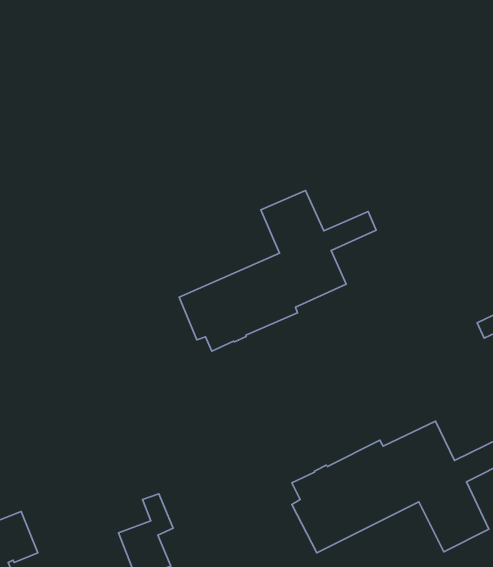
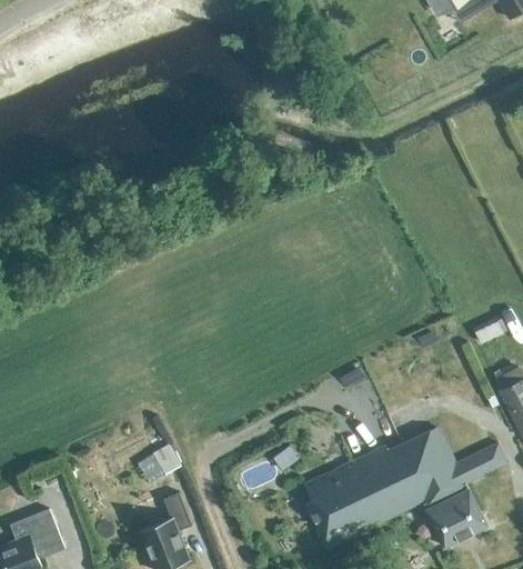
building: [179,191,376,351] -> none
building: none -> [138,446,182,485]

